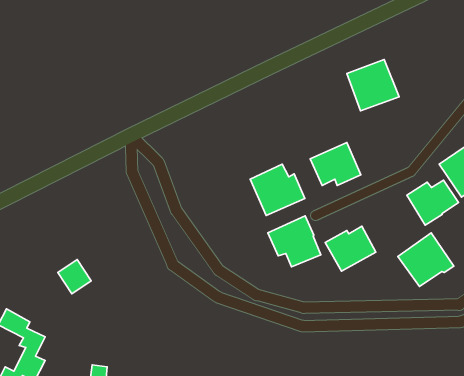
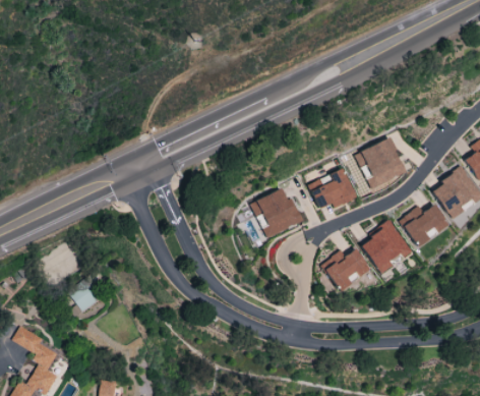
building: [347,59,399,111] -> [356,138,406,187]
building: [268,216,321,267] -> none
building: [398,233,454,286] -> [359,221,412,272]

